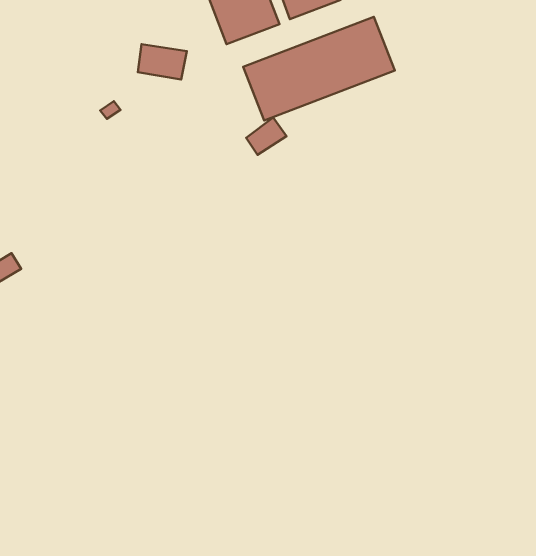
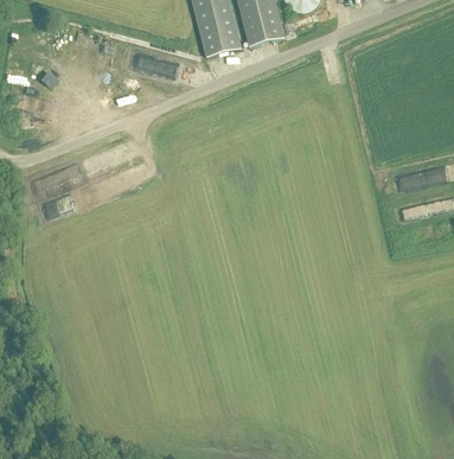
building: [243,17,395,121] -> none

